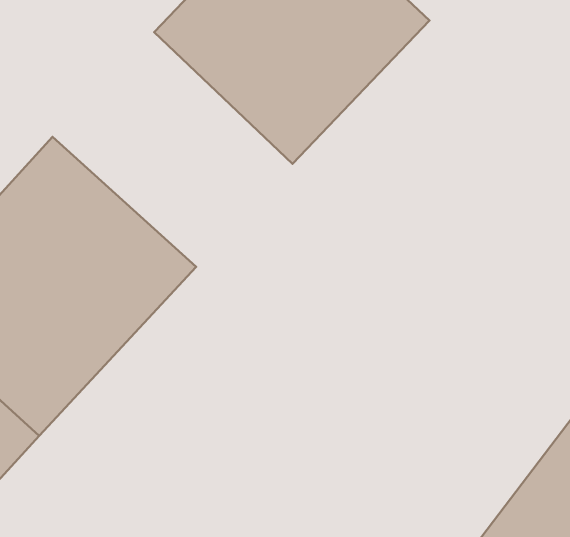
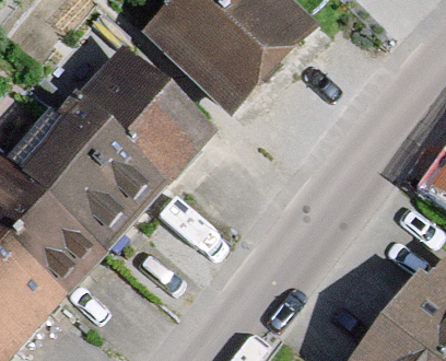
building: none -> [74,46,215,183]

